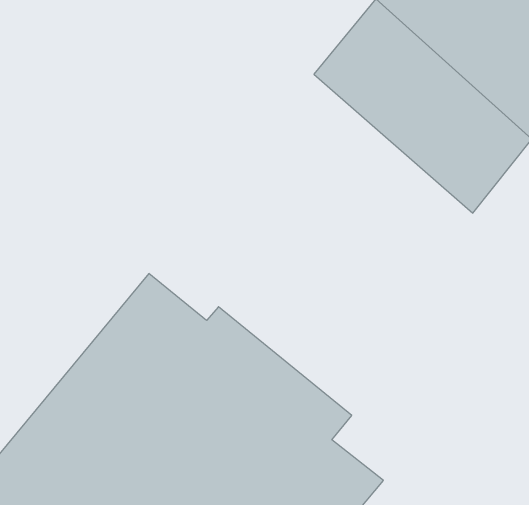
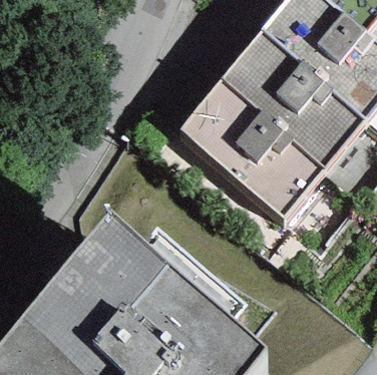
building: none -> [175,80,321,222]

